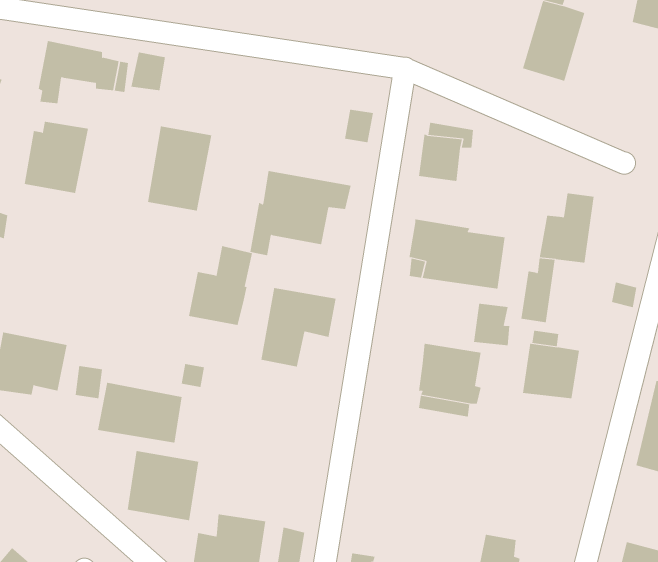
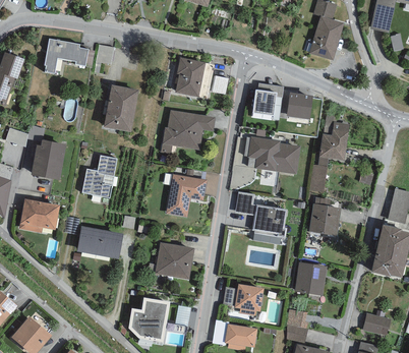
building: none -> [175,57,214,98]
building: [24,121,89,194] -> [31,139,66,179]
building: none -> [286,92,312,119]
building: [188,246,253,325] -> [81,154,117,197]
building: [473,303,510,346] -> [235,191,255,215]
building: none -> [294,261,327,295]
building: [127,450,199,521] -> [155,241,194,280]
building: none -> [223,283,264,315]

